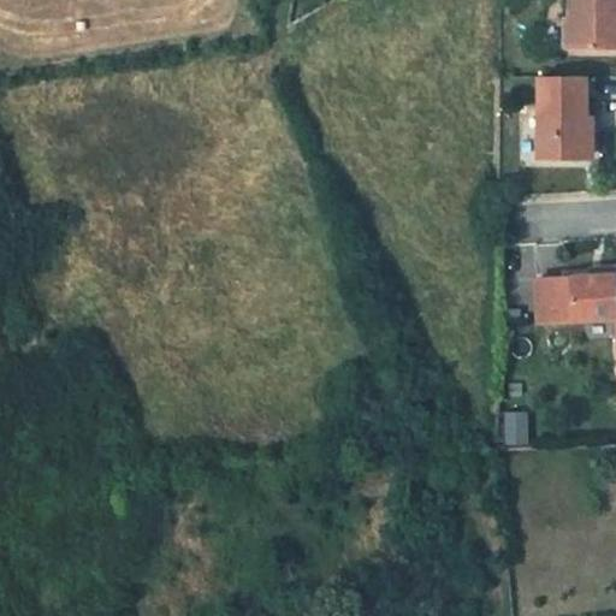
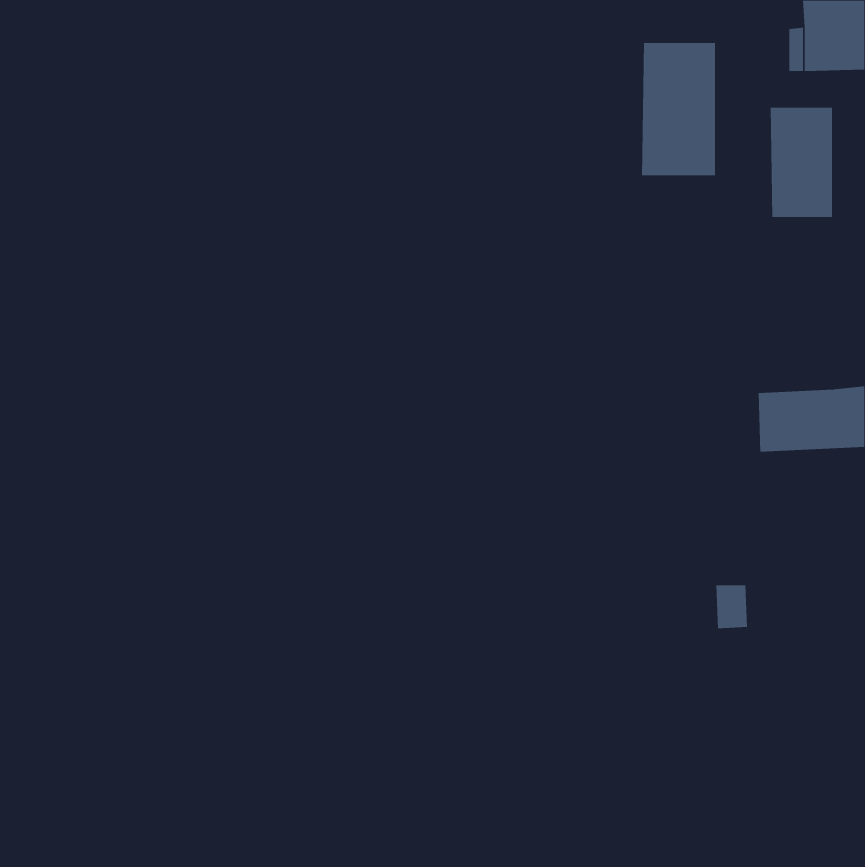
building: none -> [642,42,716,176]

